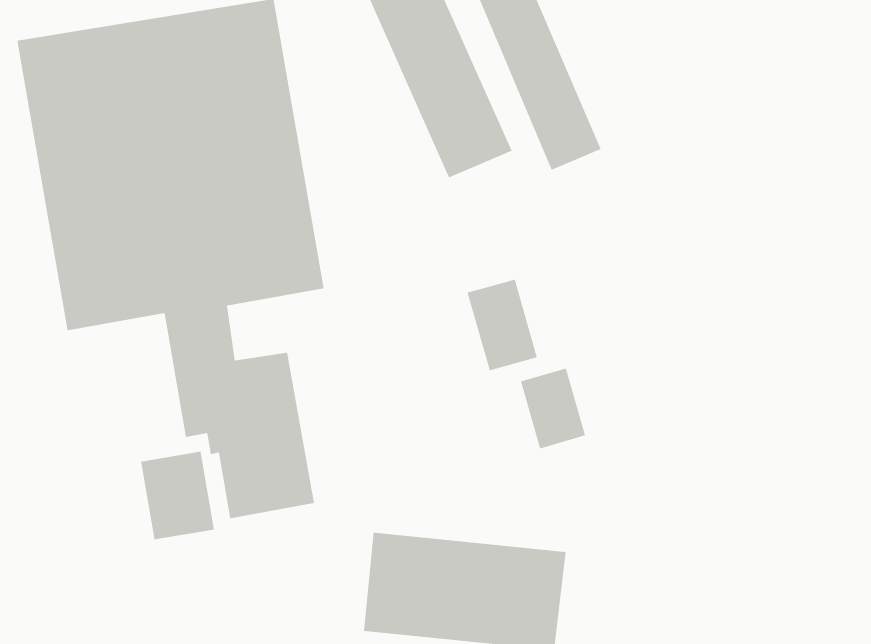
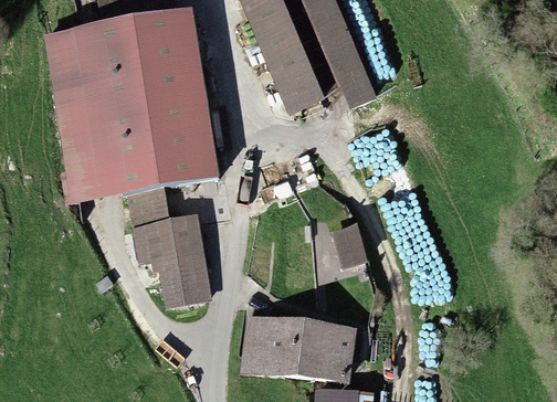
building: [467,279,538,371] -> none
building: [141,451,215,540] -> none

